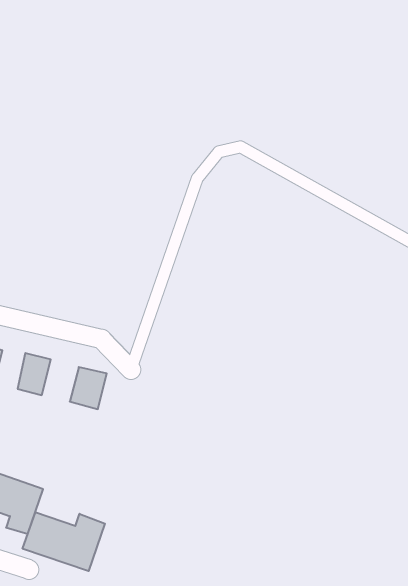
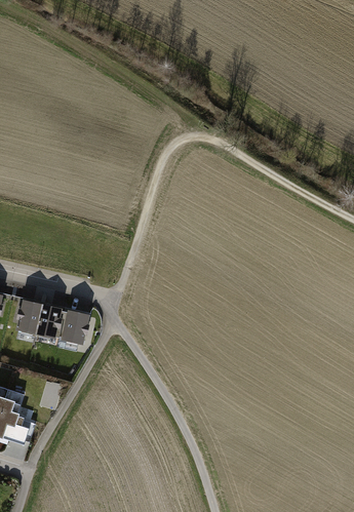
building: none -> [36,304,66,338]
building: [23,512,105,571] -> none

